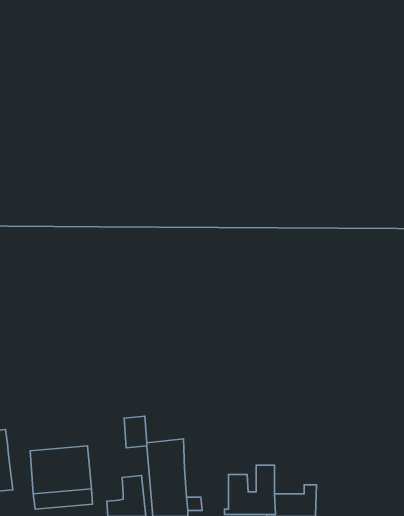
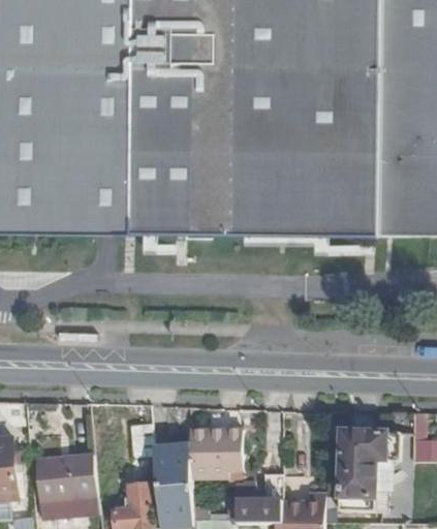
building: none -> [188,429,242,484]
building: none -> [337,430,399,510]

